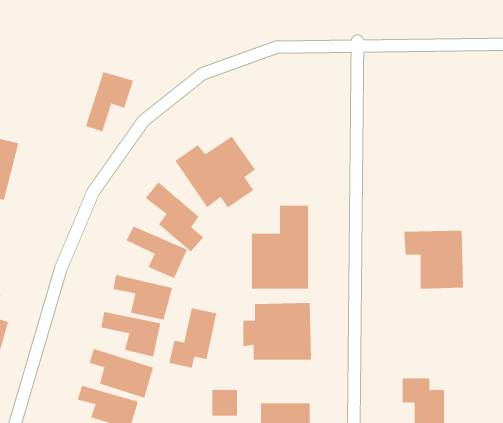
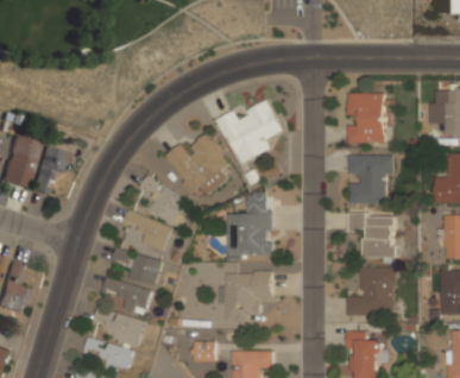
building: [85,72,134,132] -> [30,145,69,194]
building: none -> [346,92,385,143]
building: none -> [216,100,283,164]
building: none -> [348,155,391,203]
building: none -> [346,267,395,315]
building: [169,307,217,368] -> none

